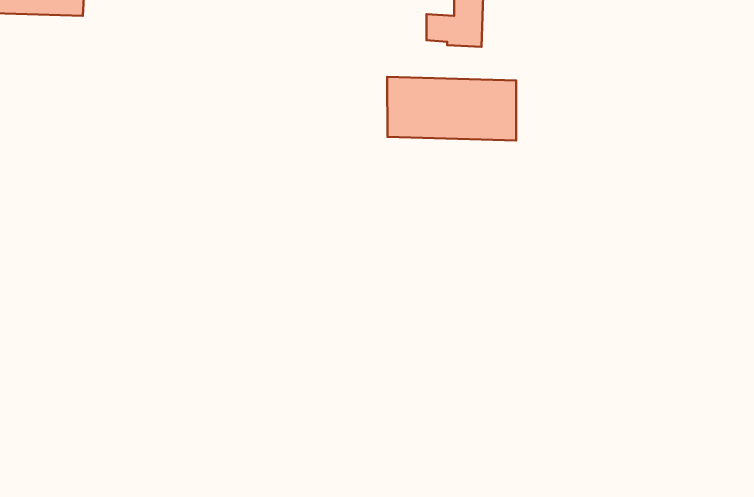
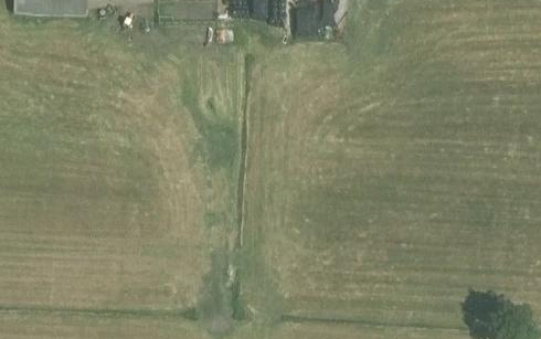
building: [387,77,516,140] -> none

